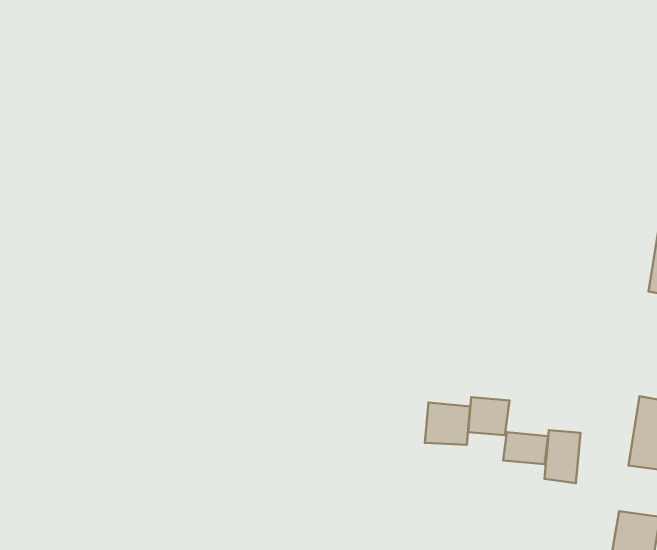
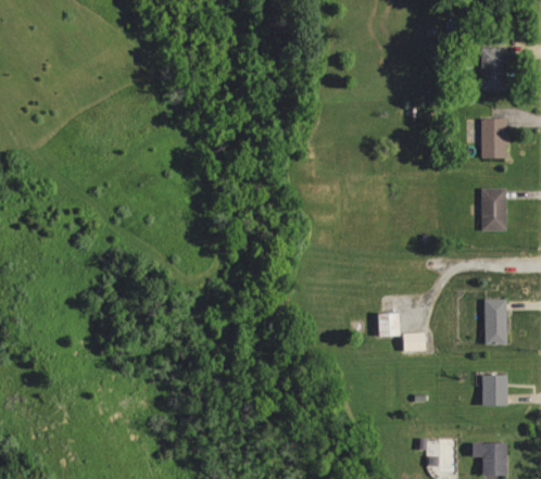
building: [425,403,470,445] -> none
building: [544,430,581,483] -> none

